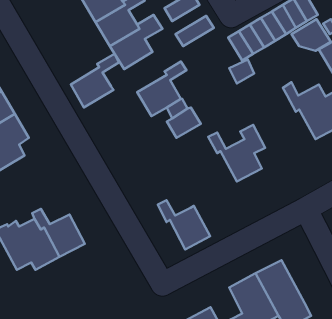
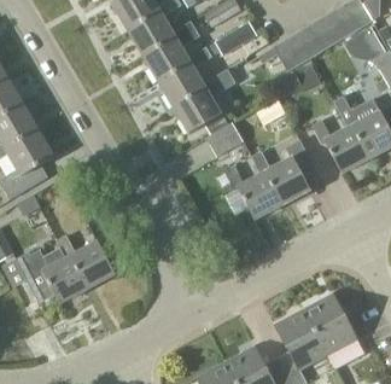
building: [71,54,119,107] -> [158,47,211,106]
building: none -> [311,120,369,174]
building: [158,200,210,249] -> [224,165,282,220]

